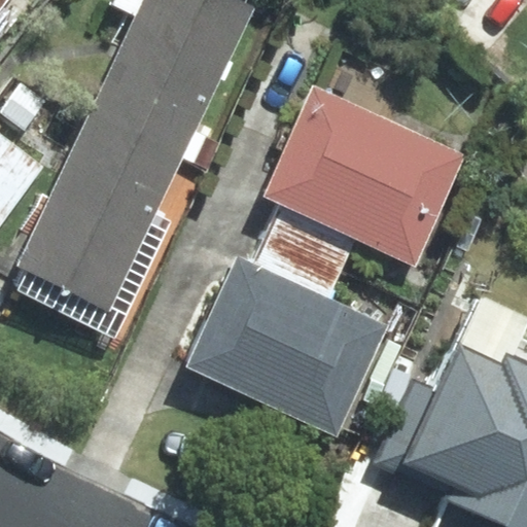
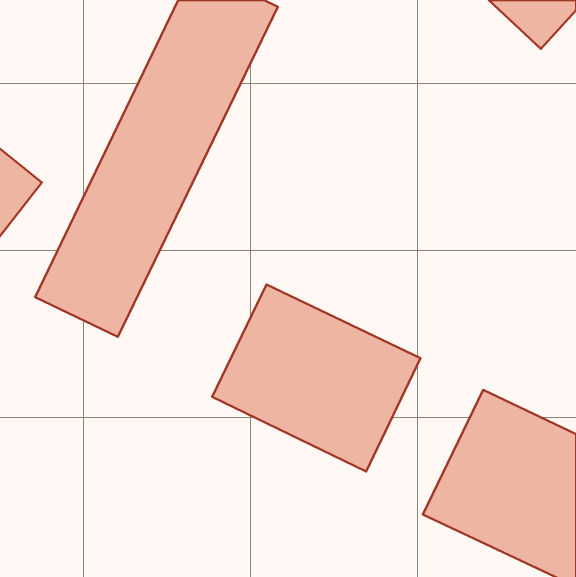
building: [271,89,456,257] -> none

